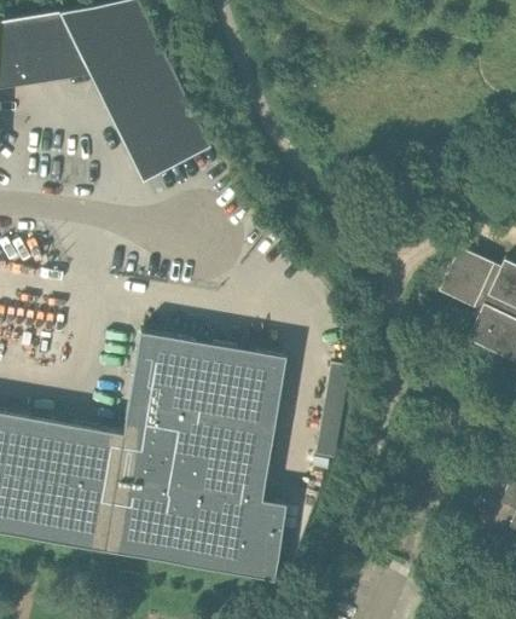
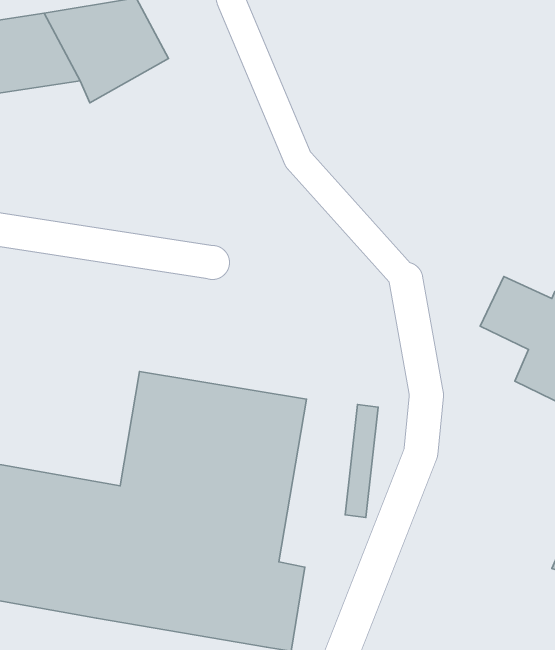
building: [97,57,210,184] -> none

